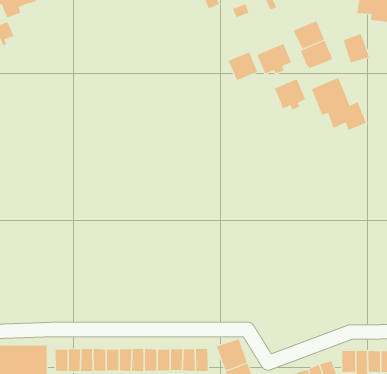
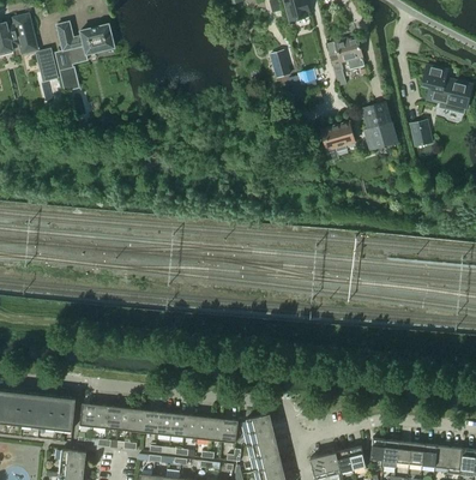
building: [228,51,258,81] -> none
building: [311,77,367,131] -> none
building: [274,79,306,111] -> none

